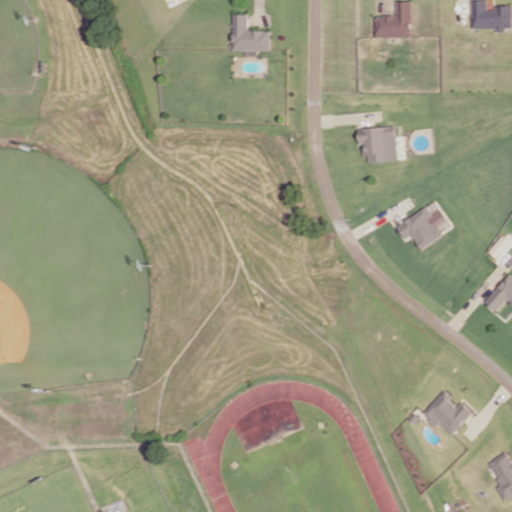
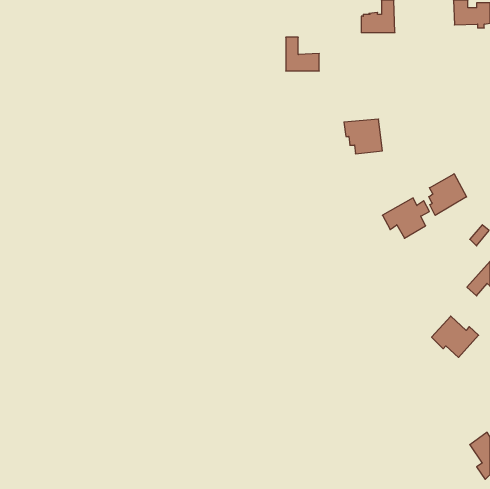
building: [234,14,269,49] -> [286,37,319,71]
building: none -> [429,174,467,215]
building: [424,393,473,436] -> [432,316,479,357]

